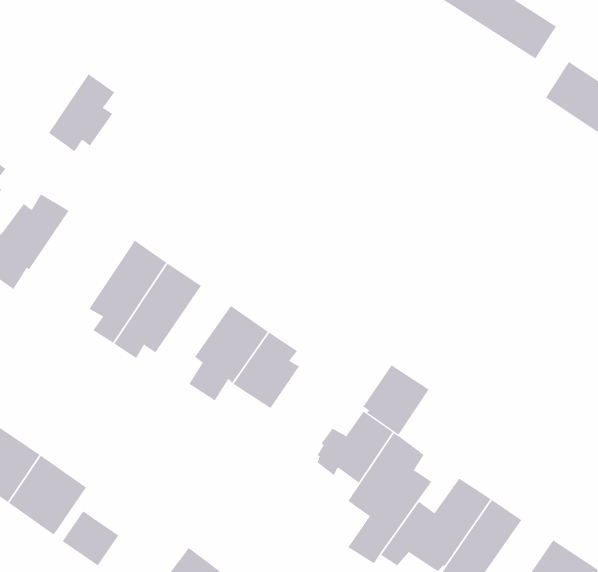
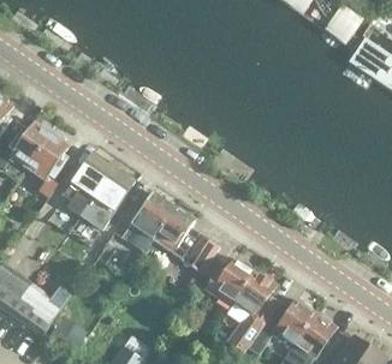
building: [48,73,115,152] -> [28,133,70,183]
building: [362,364,430,435] -> [179,231,221,275]

